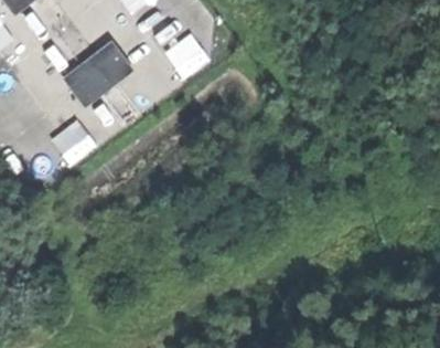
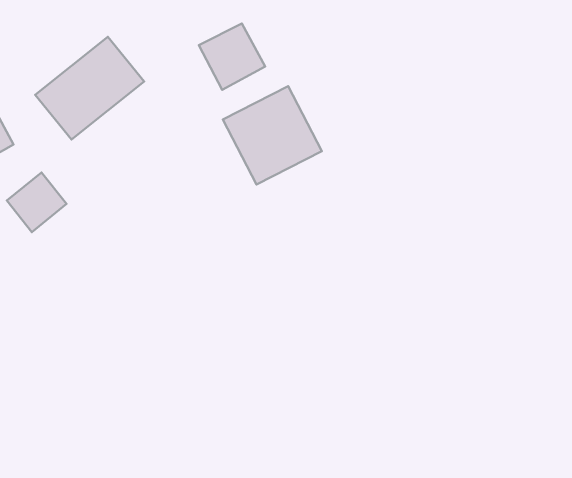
building: none -> [223,86,322,184]

